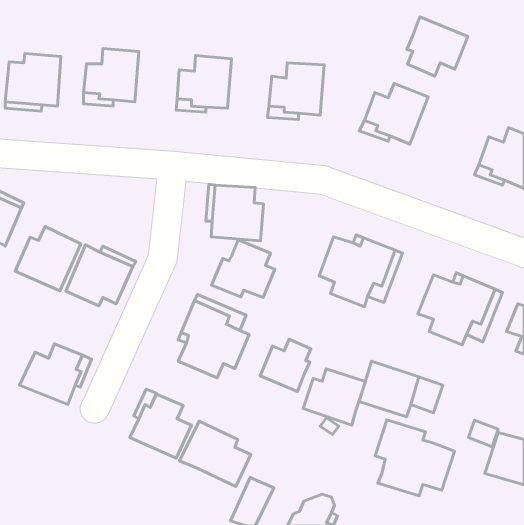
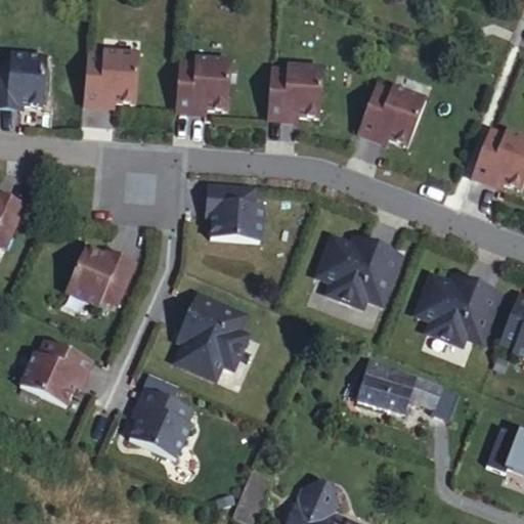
building: [407,17,468,76] -> none
building: [15,226,81,291] -> none
building: [212,240,275,298] -> none
building: [260,339,311,392] -> none
building: [303,369,365,425] -> none
building: [375,420,455,496] -> none
building: [179,421,251,487] -> none

